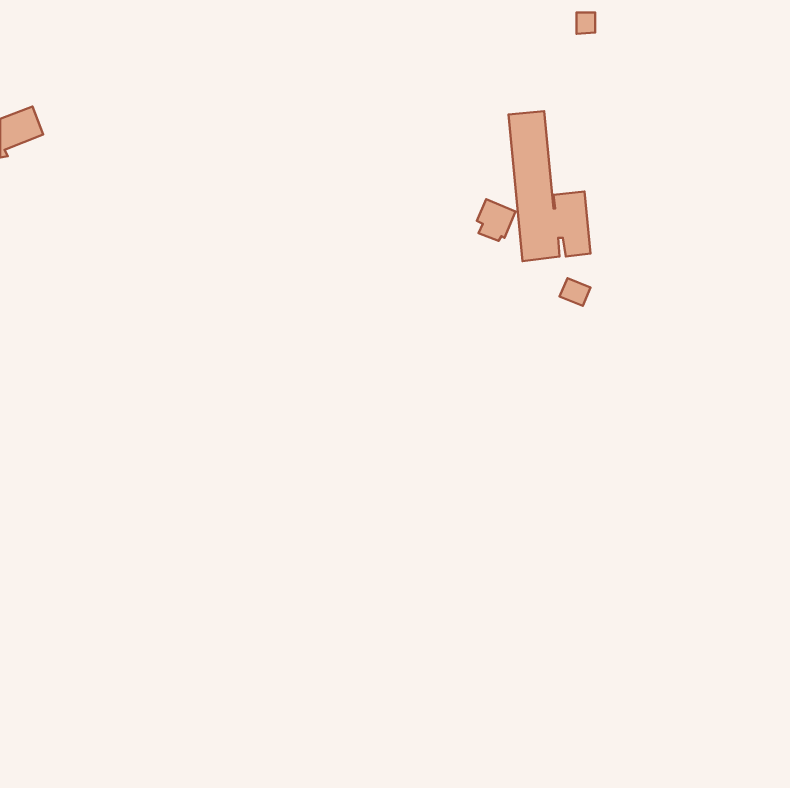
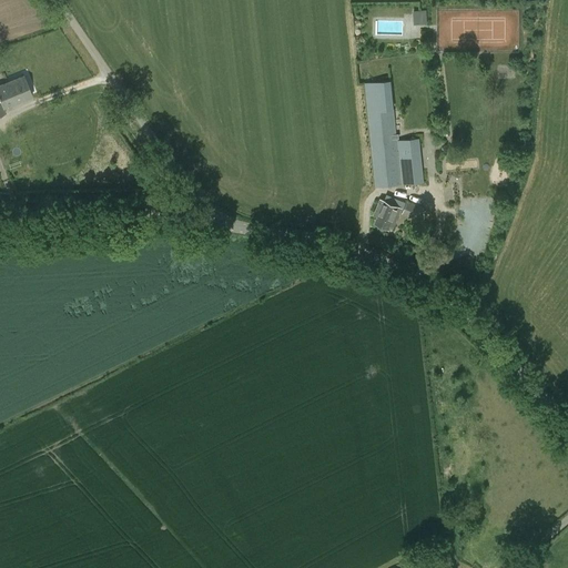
building: [477,199,515,241] -> [373,200,400,230]

